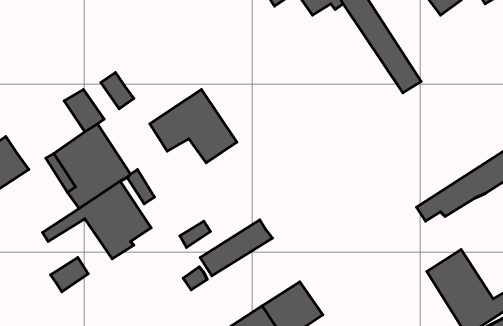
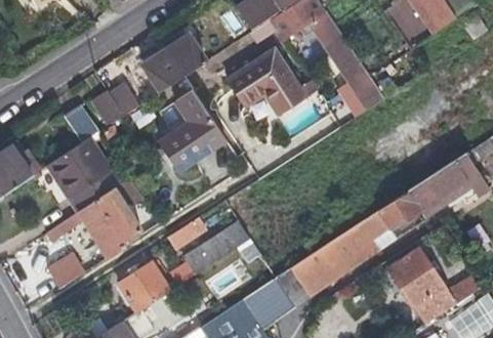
building: none -> [142,35,206,91]
building: none -> [228,48,306,113]
building: none -> [276,210,388,306]
building: none -> [119,262,169,311]

